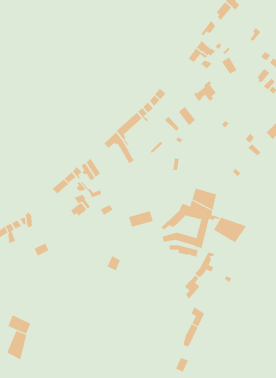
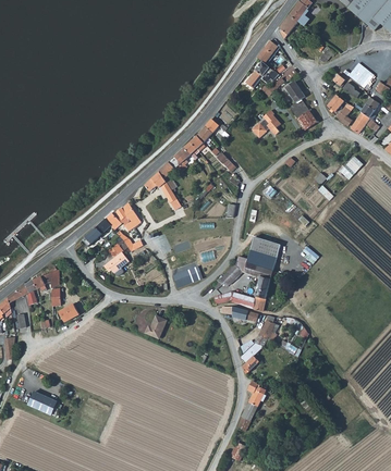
building: none -> [289,99,318,131]
building: [213,217,247,243] -> none
building: [7,330,27,360] -> none

